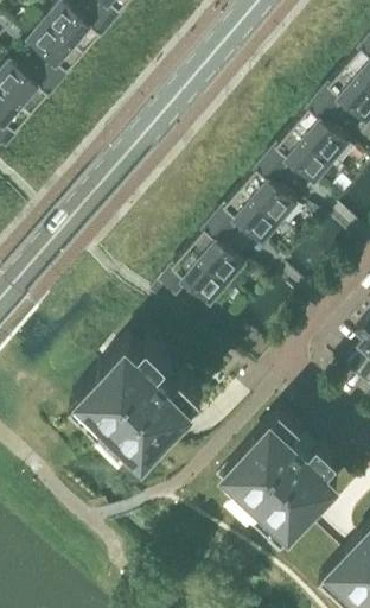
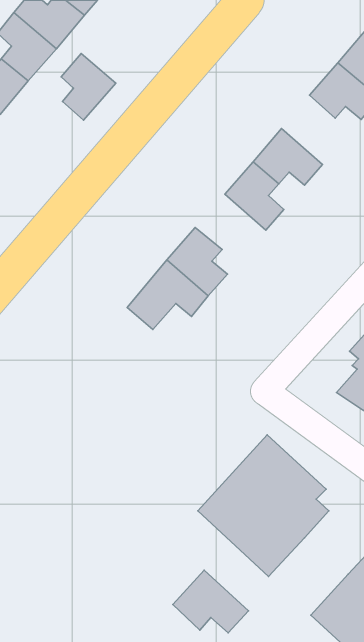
building: none -> [61,53,116,120]
building: [292,101,346,165] -> none
building: [212,192,278,245] -> none
building: [70,341,200,462] -> none
building: none -> [173,570,248,633]

